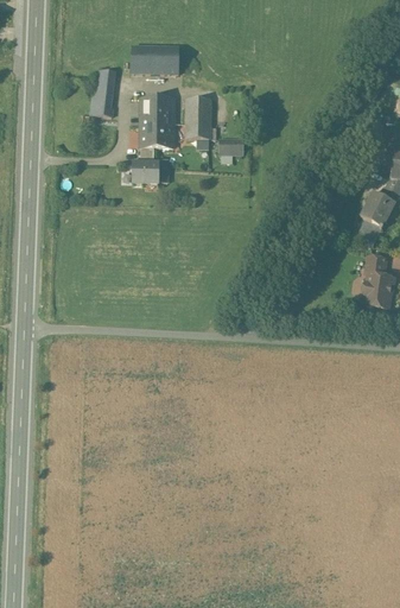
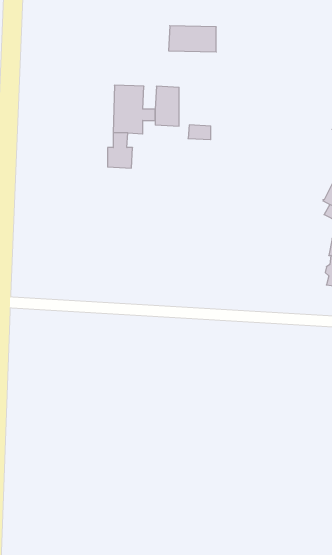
building: [131,44,180,71] -> [169,26,216,52]
building: [93,66,119,114] -> none

